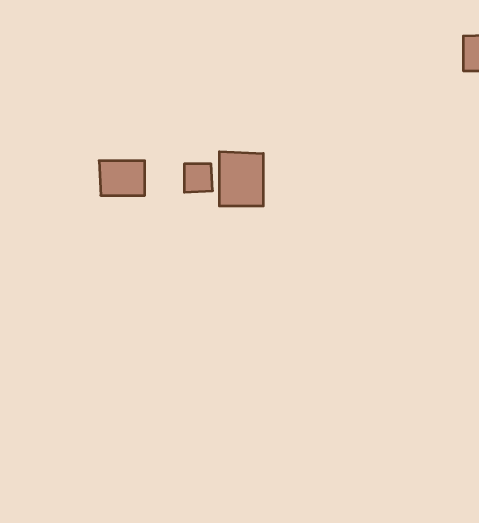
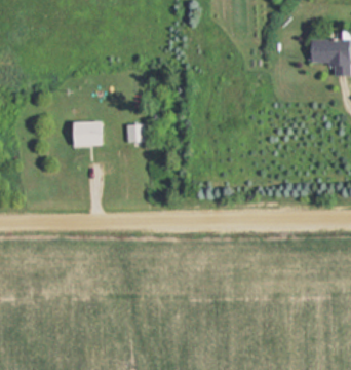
building: [219,152,263,206] -> none

